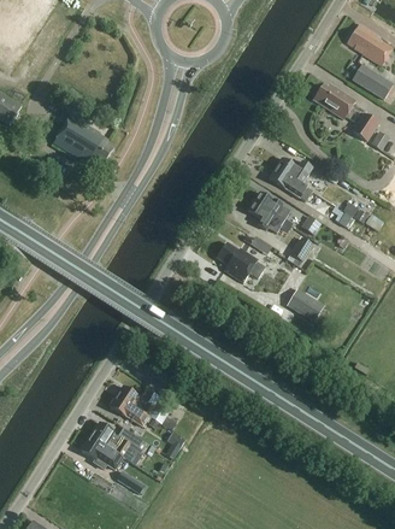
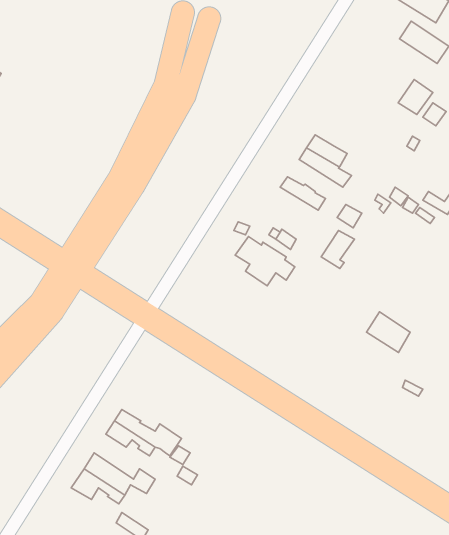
building: [313,84,355,119] -> none
building: [53,114,114,169] -> none
building: [247,201,291,234] -> none
building: [287,289,323,323] -> [367,312,410,353]

